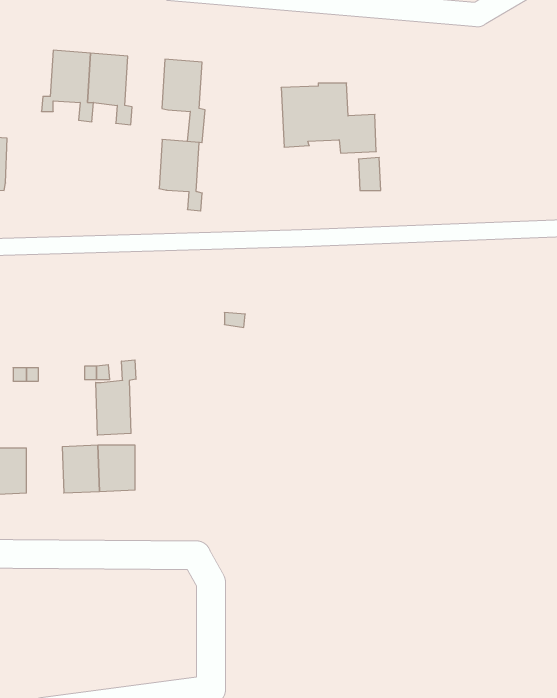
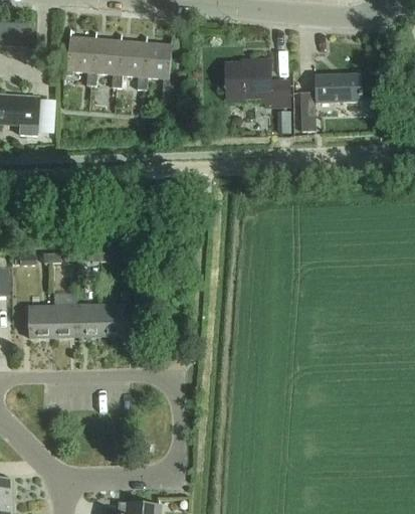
building: none -> [300,74,362,130]
building: [159,139,202,211] -> [119,41,148,90]
building: [96,360,136,435] -> none
building: none -> [52,305,77,336]

